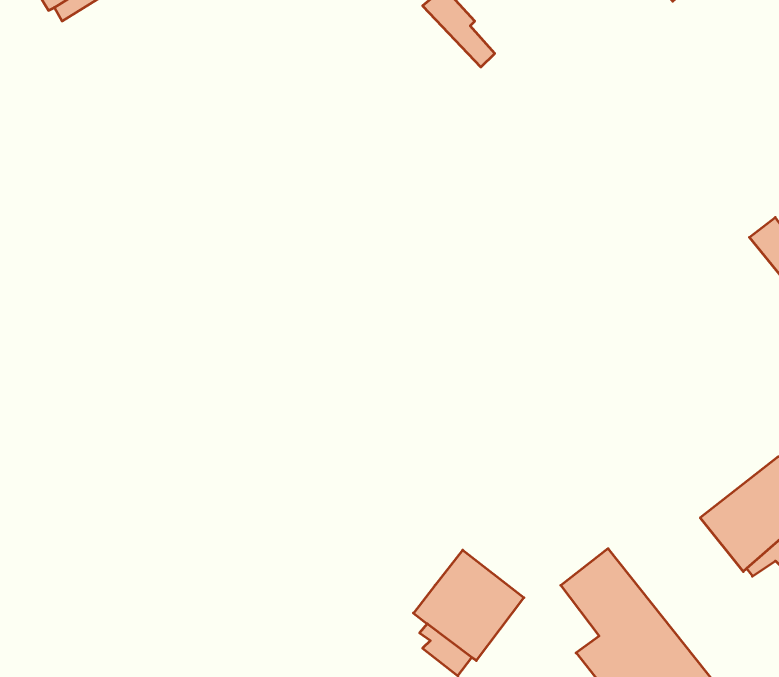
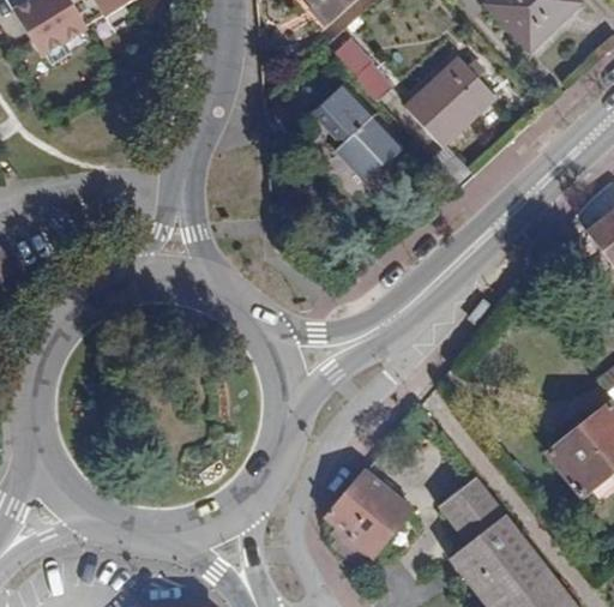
building: none -> [405,61,493,146]
building: none -> [314,83,401,179]

